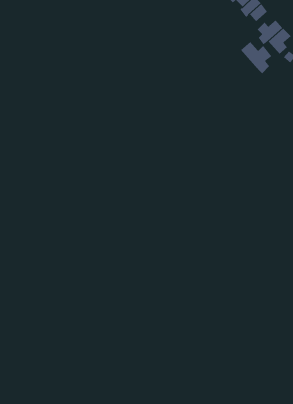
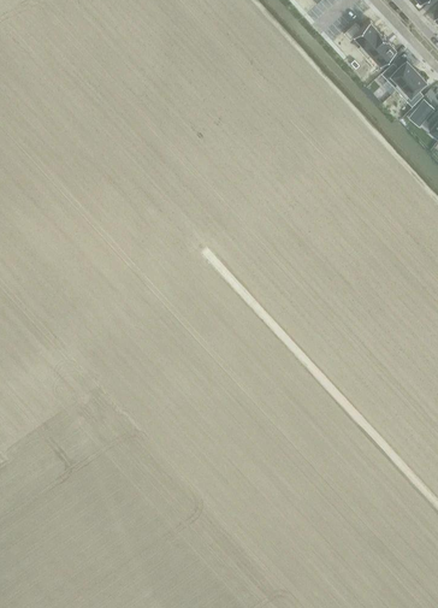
building: [240,41,272,74] -> none

